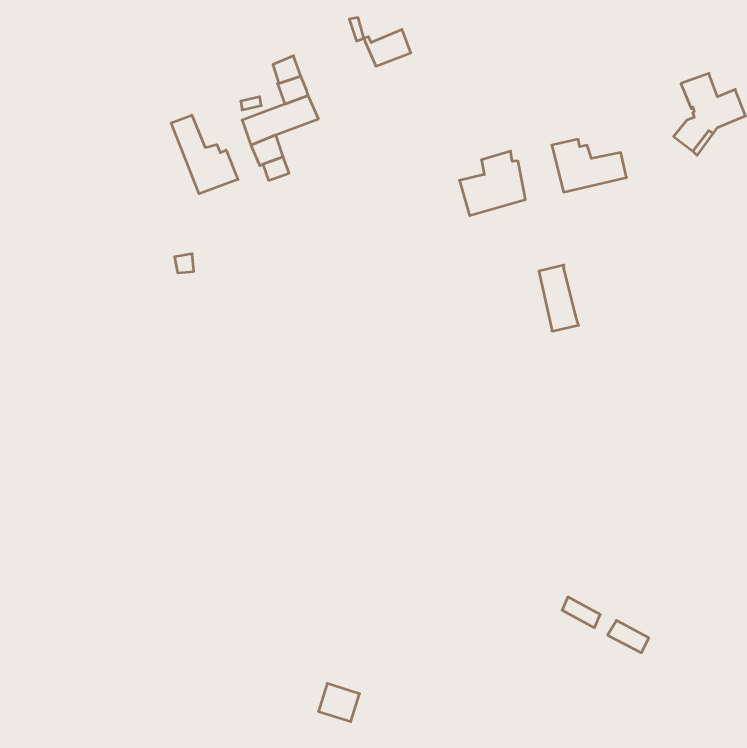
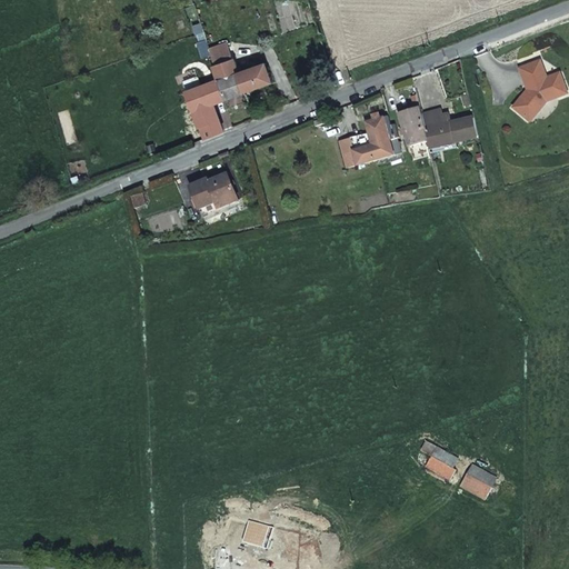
building: [364,29,411,66] -> [232,63,268,91]
building: [171,115,238,194] -> none
building: none -> [190,177,237,216]
building: [539,265,579,331] -> [399,109,429,159]

